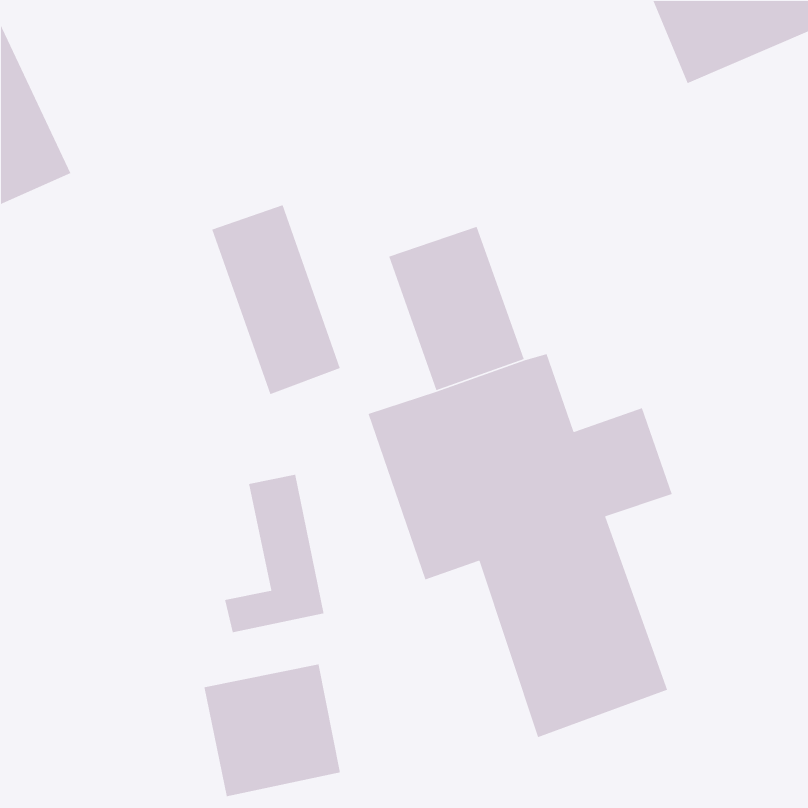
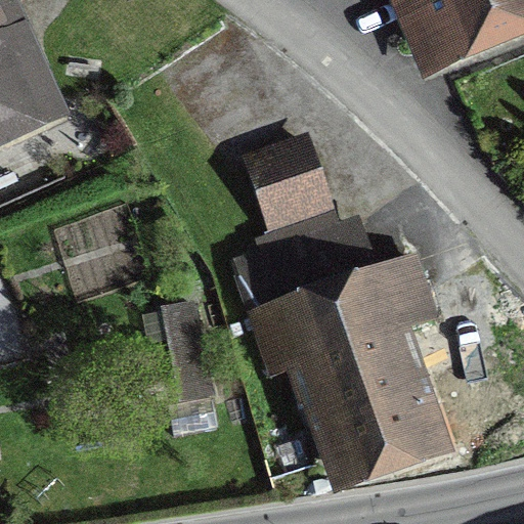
building: [211,204,341,395] -> none
building: [203,663,341,797] -> none

